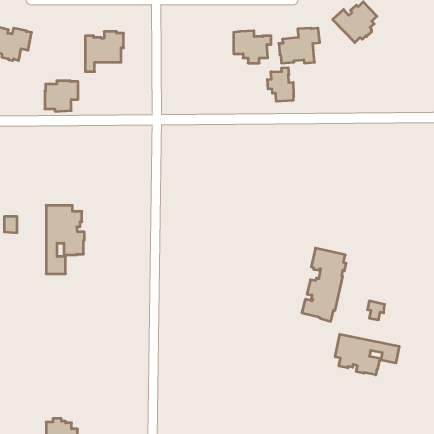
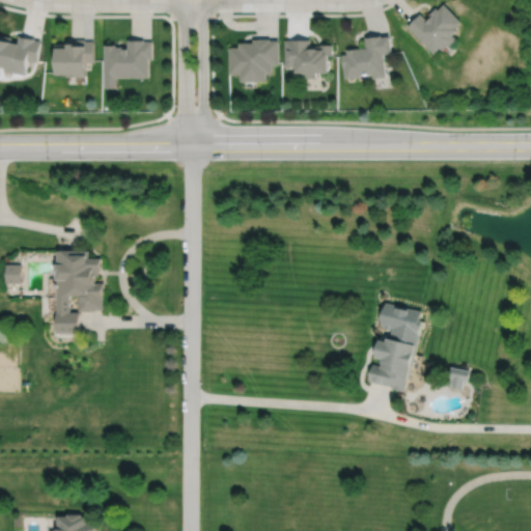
building: none -> [228,39,278,82]
building: [267,68,293,101] -> none
building: [45,81,78,111] -> [52,40,92,78]
building: [335,334,399,375] -> none

